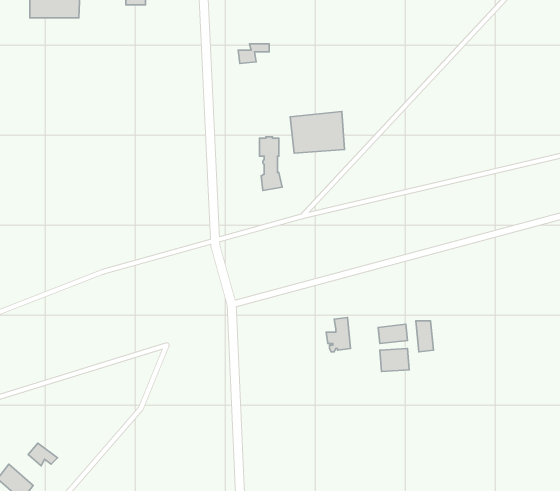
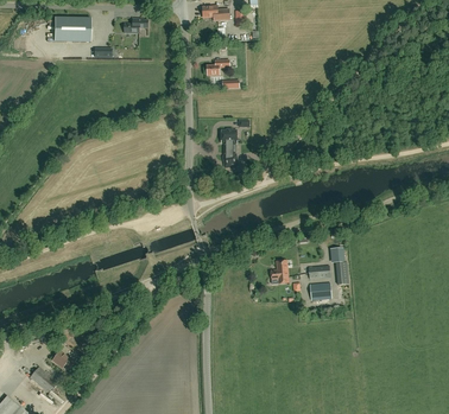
building: [290,112,344,153] -> none

